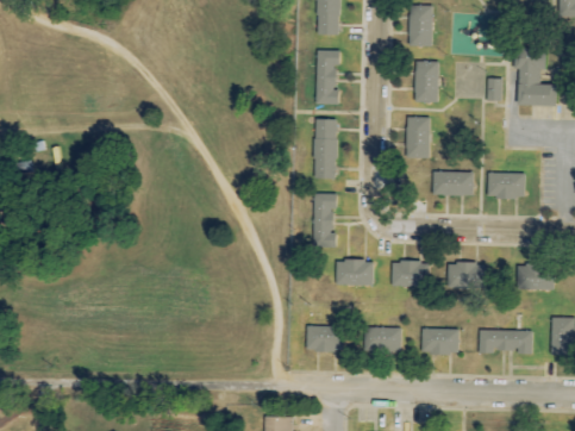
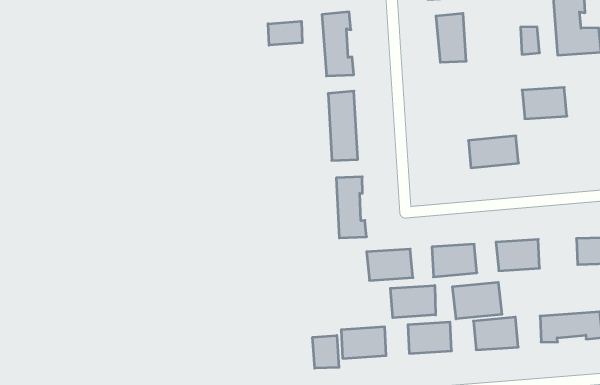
building: none -> [268,21,302,45]
building: [407,117,431,158] -> none
building: [489,173,526,199] -> [522,87,567,119]
building: none -> [390,285,436,318]
building: none -> [453,282,502,319]
building: none -> [313,335,339,368]

